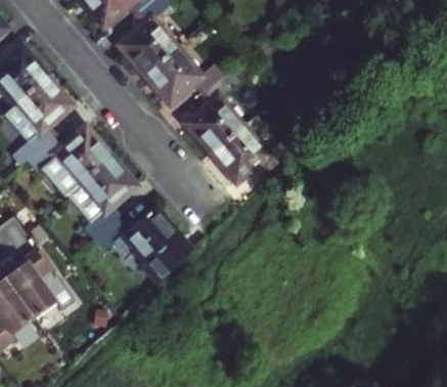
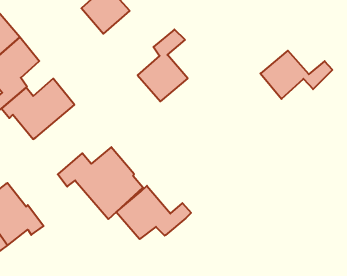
building: [144,45,227,101] -> none
building: [211,124,295,180] -> [260,51,332,99]
building: [65,155,135,235] -> none
building: none -> [116,186,191,239]

